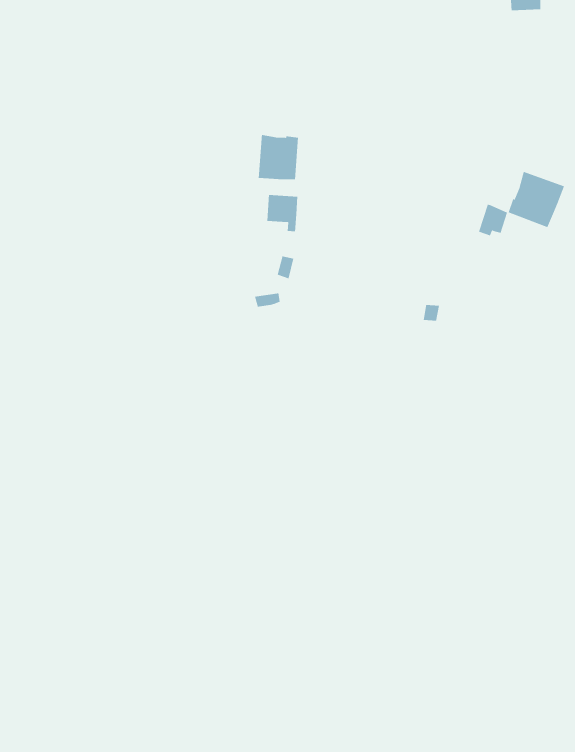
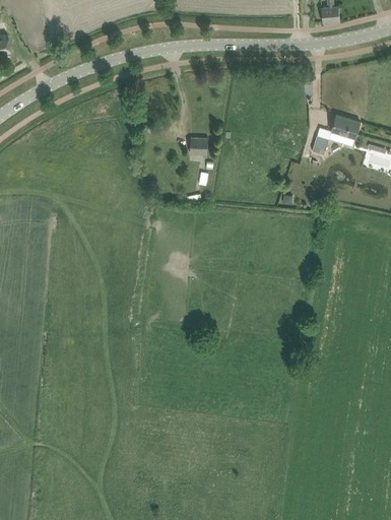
building: [258,134,298,180] -> none

